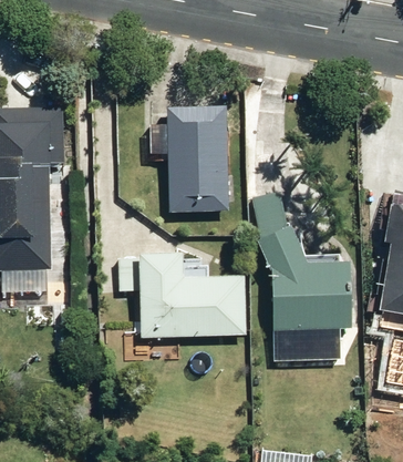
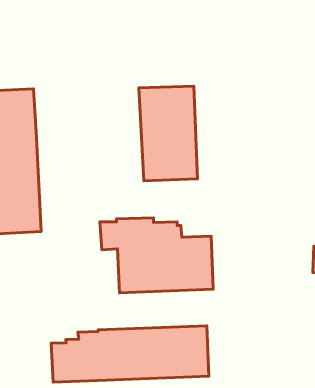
building: [252,189,347,362] -> none
building: none -> [51,326,209,382]

